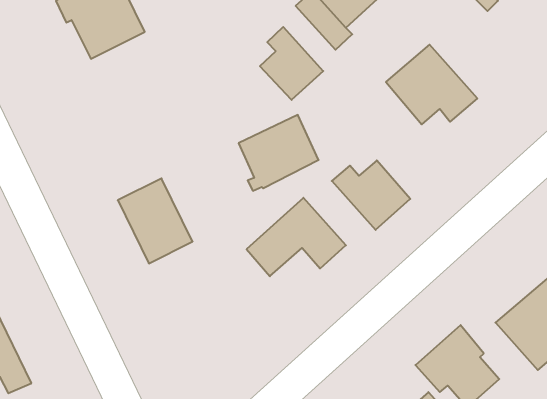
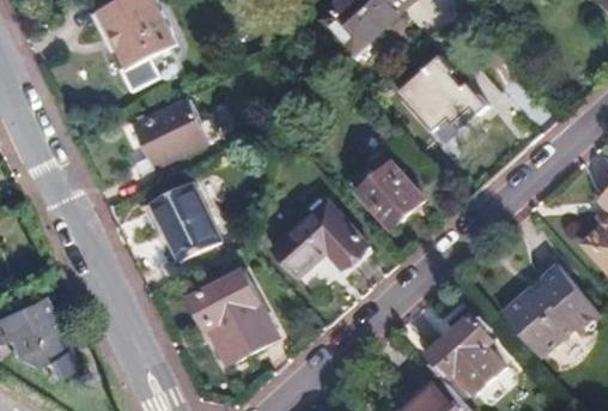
building: [260,27,323,100] -> none
building: [239,115,319,191] -> [134,98,208,169]
building: none -> [190,271,278,365]

